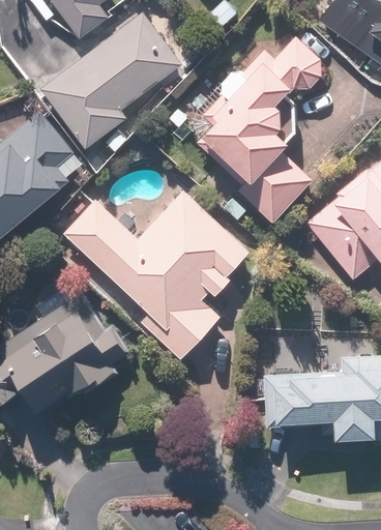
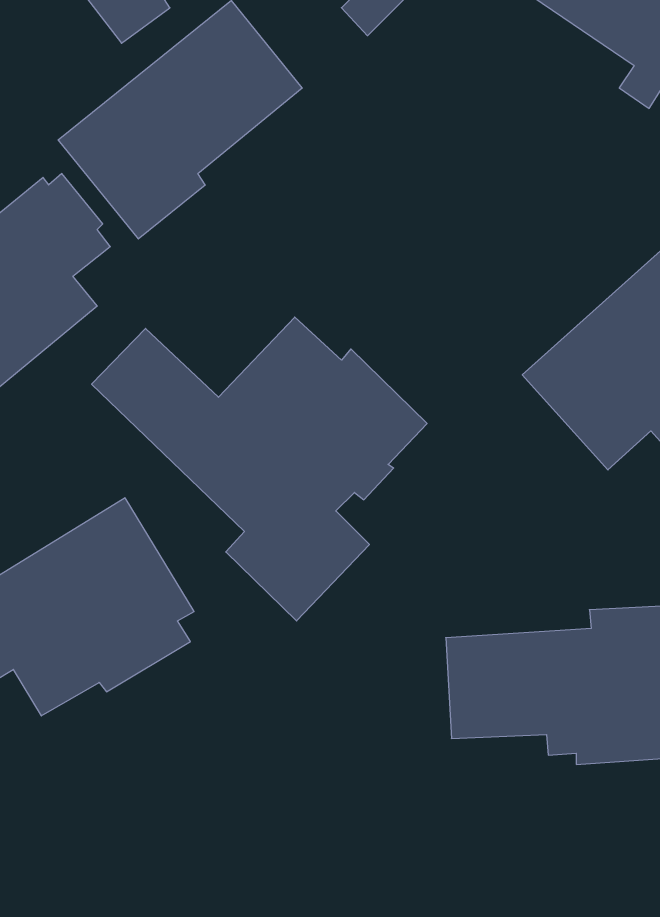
building: [196,36,324,219] -> none

